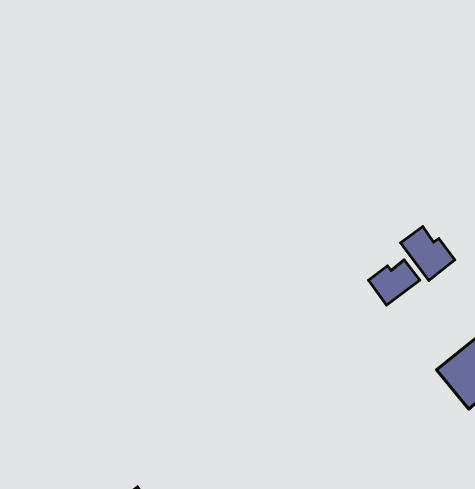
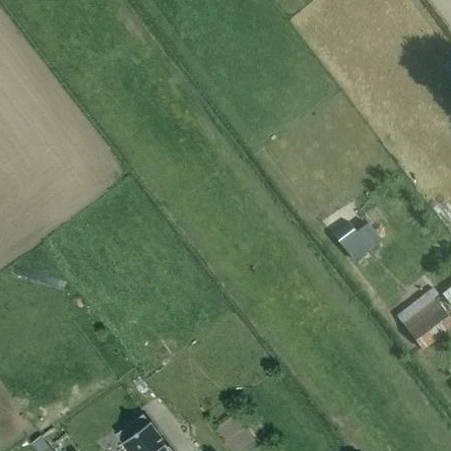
building: [401,226,455,280] -> none

